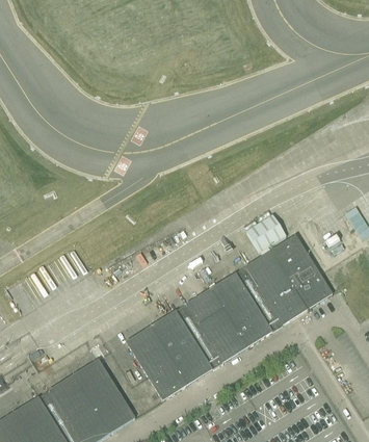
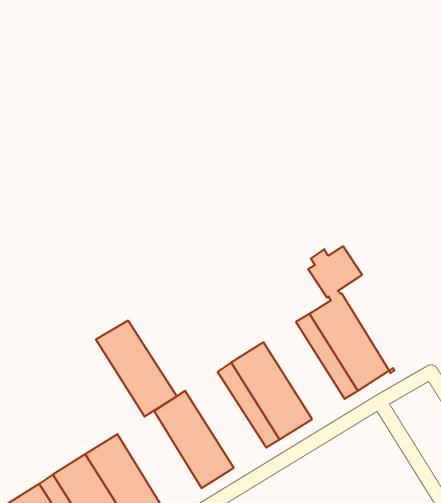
building: [272,233,334,308] -> none
building: [212,270,274,345] -> none
building: [152,309,214,383] -> [96,321,177,417]

